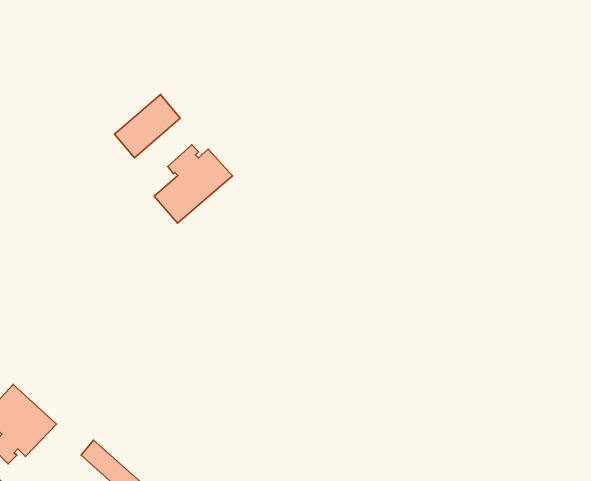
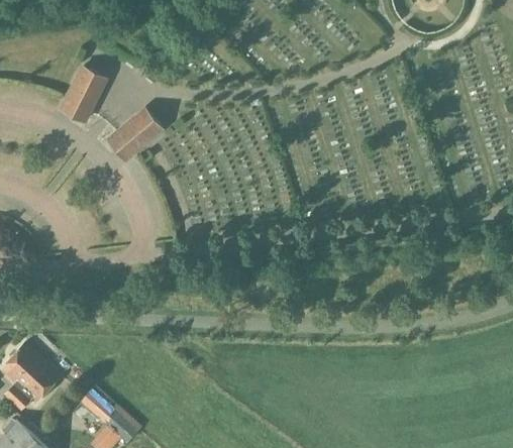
building: none -> [62,66,107,122]
building: [154,145,233,223] -> none

